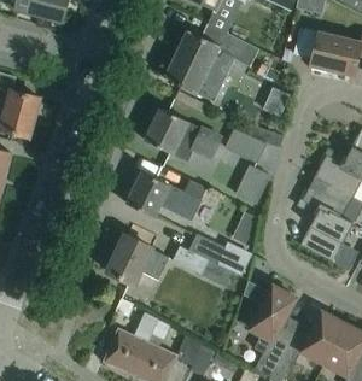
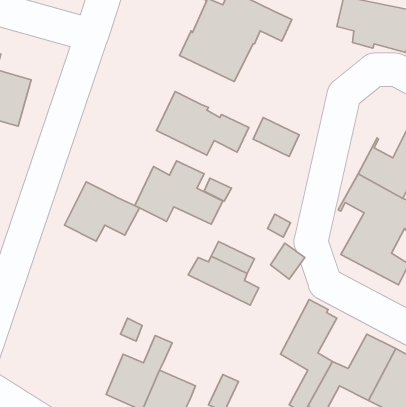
building: [235,163,270,204] -> none
building: [106,234,169,283] -> [64,182,139,241]

